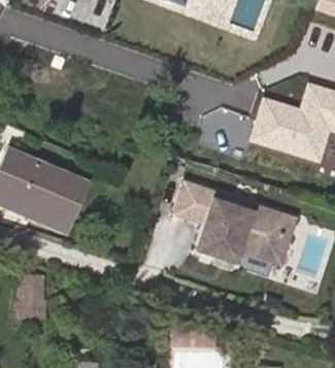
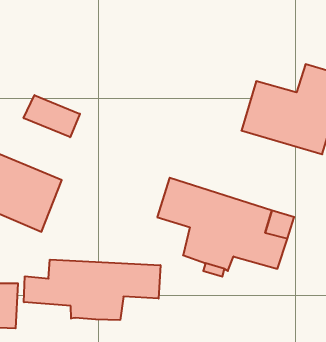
building: none -> [24,95,80,137]
building: none -> [24,260,160,320]

